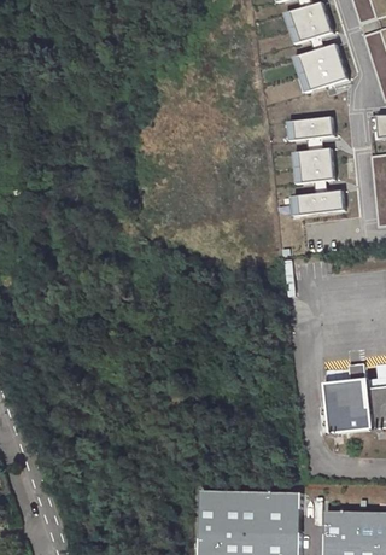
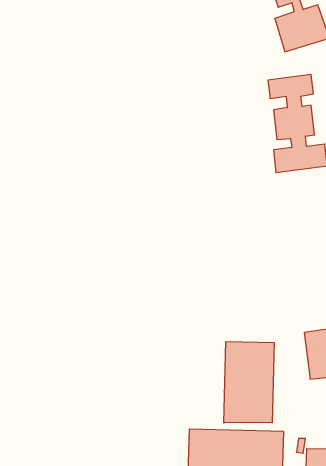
building: none -> [224,342,274,423]

